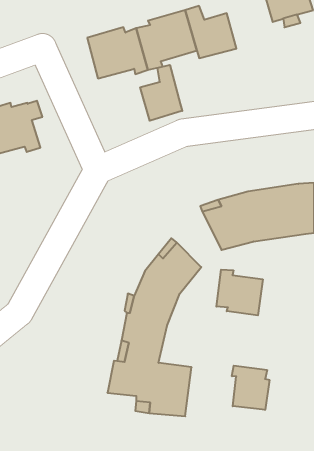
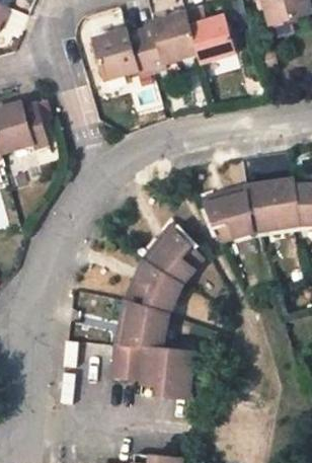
building: [140,65,182,121] -> none
building: [216,270,263,315] -> none
building: [232,366,269,410] -> none

